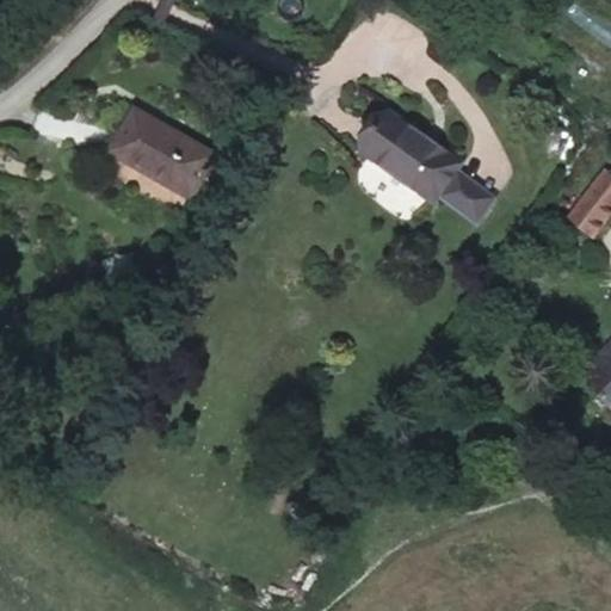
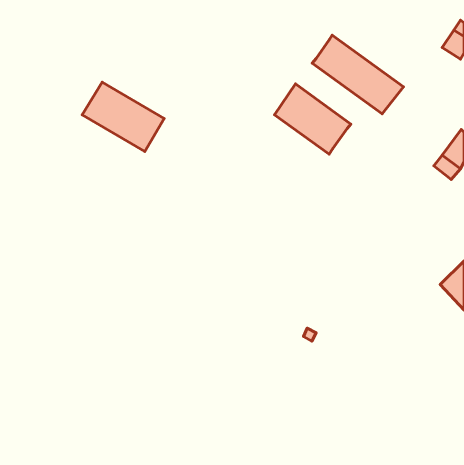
building: none -> [312,35,403,114]
building: [436,168,493,223] -> none

